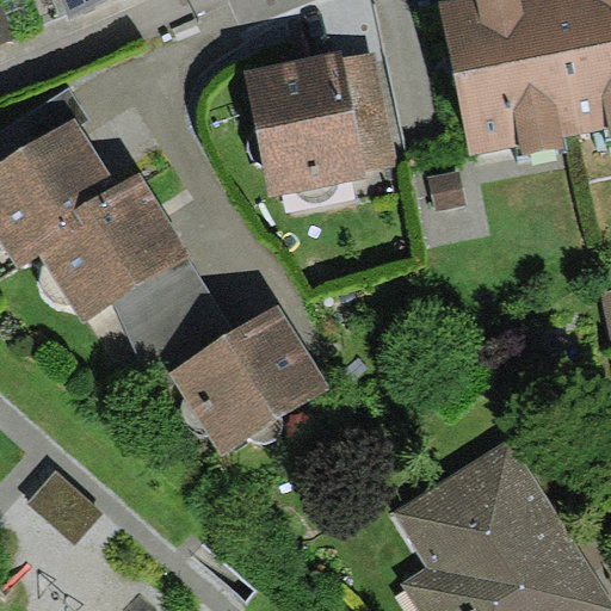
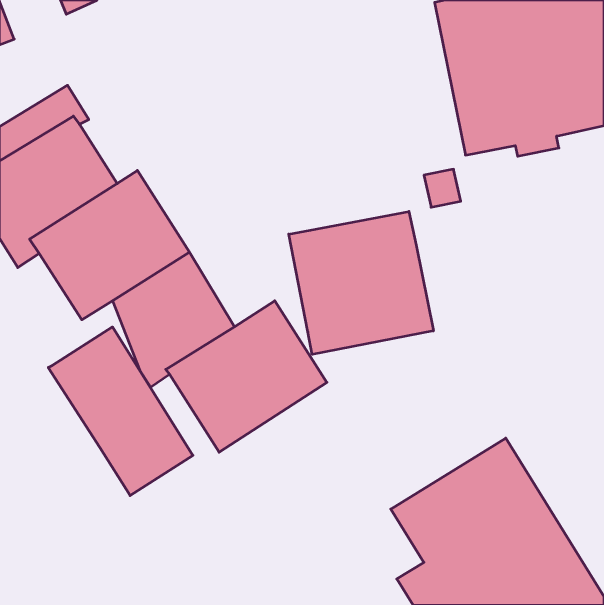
building: [243,51,396,198] -> none
building: none -> [289,211,433,354]
building: none -> [48,327,193,496]

